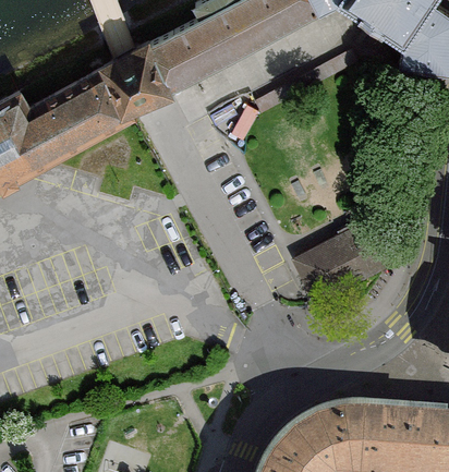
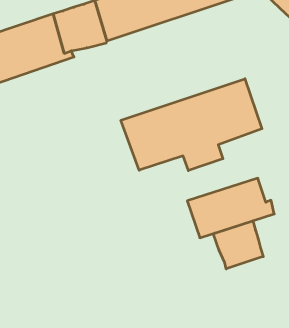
building: none -> [121,79,262,171]
building: none -> [213,221,263,269]

